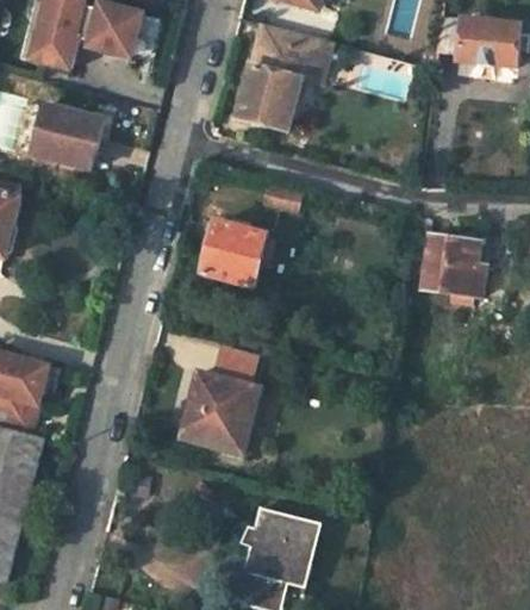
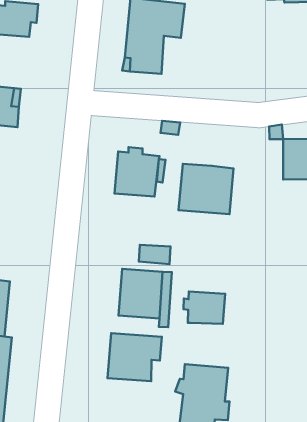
building: none -> [179,164,234,214]
building: none -> [183,291,225,324]
building: none -> [107,333,162,381]

